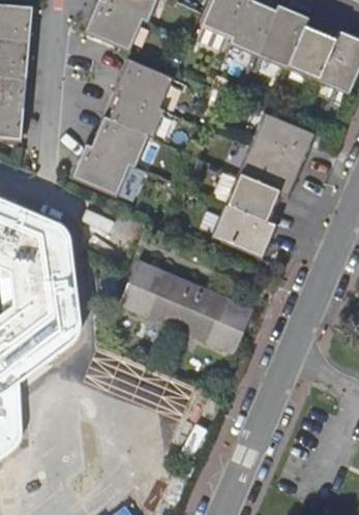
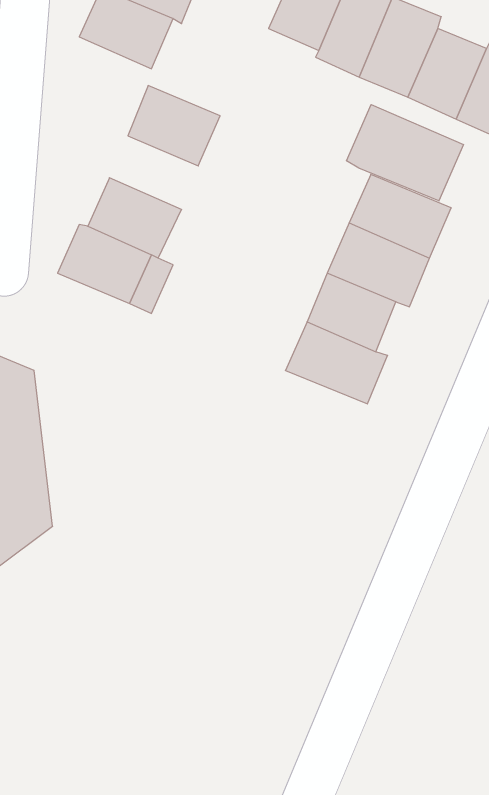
building: none -> [347,105,464,201]
building: [103,89,163,135] -> none
building: [120,261,252,353] -> none

